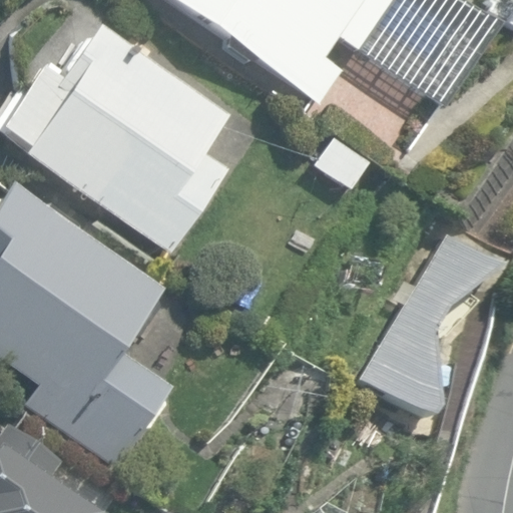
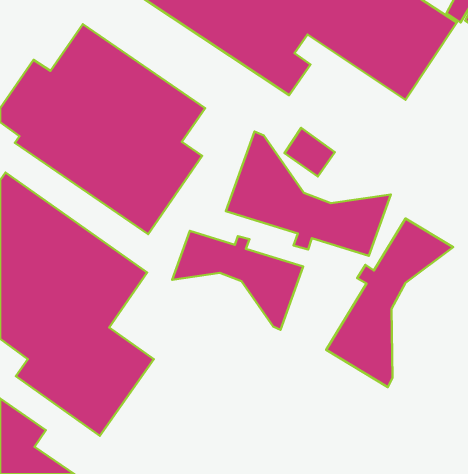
building: none -> [226,131,391,256]
building: none -> [172,231,303,330]

